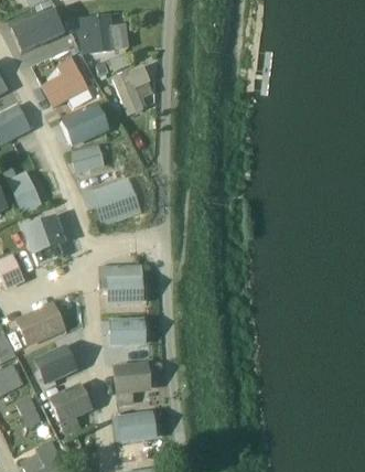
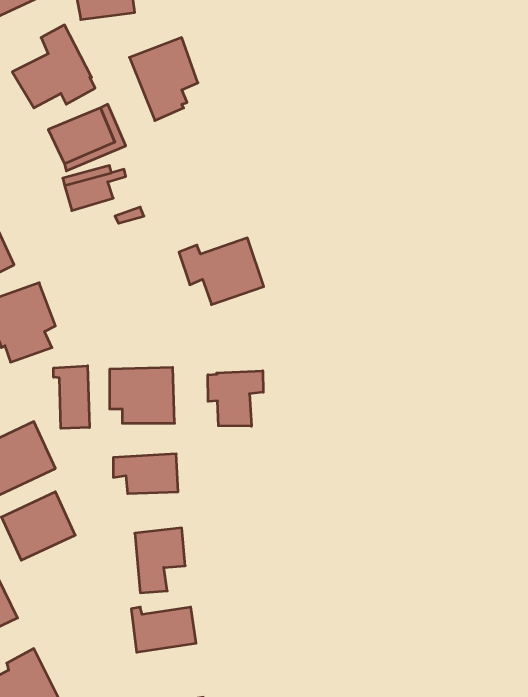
building: [80,182,132,223] -> [179,238,264,305]
building: none -> [54,366,89,428]
building: none -> [208,371,263,426]
building: [49,380,93,433] -> none

